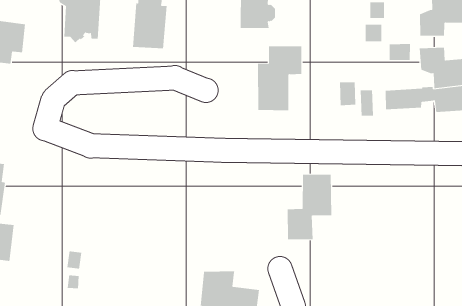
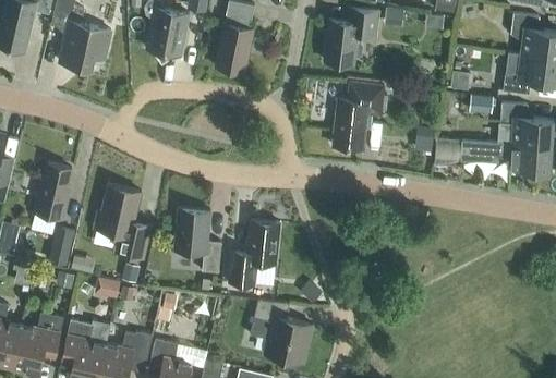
building: [287,174,332,240] -> [229,219,281,285]
building: none -> [95,184,152,258]
building: none -> [174,207,222,272]

